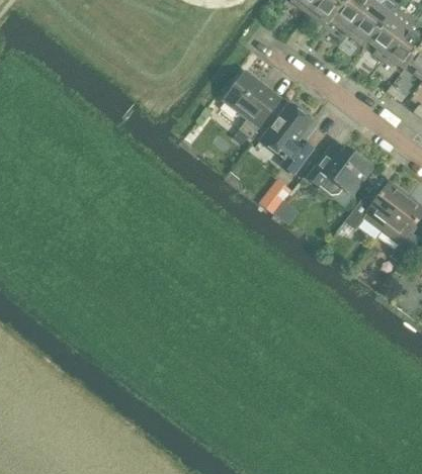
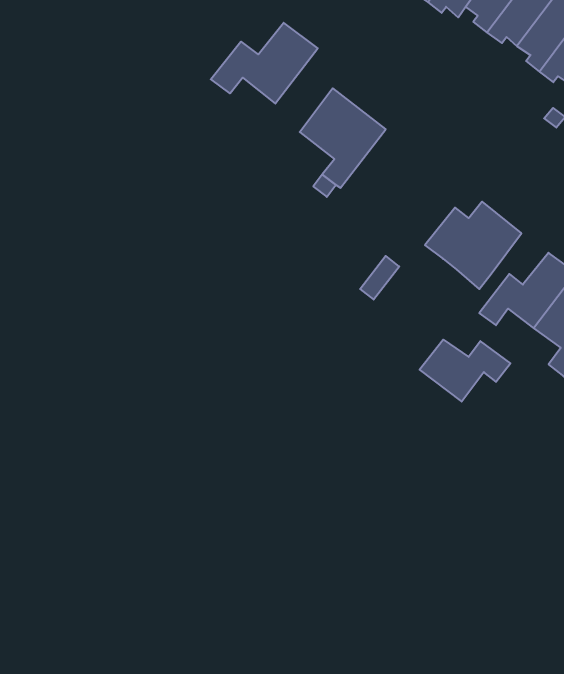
building: none -> [211,23,318,104]
building: [261,103,316,173] -> none
building: none -> [420,340,510,402]

